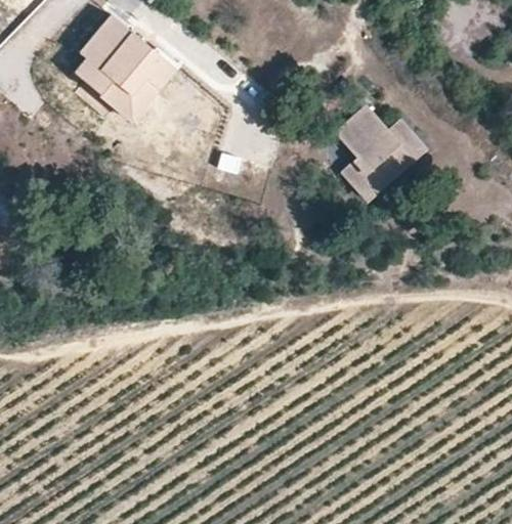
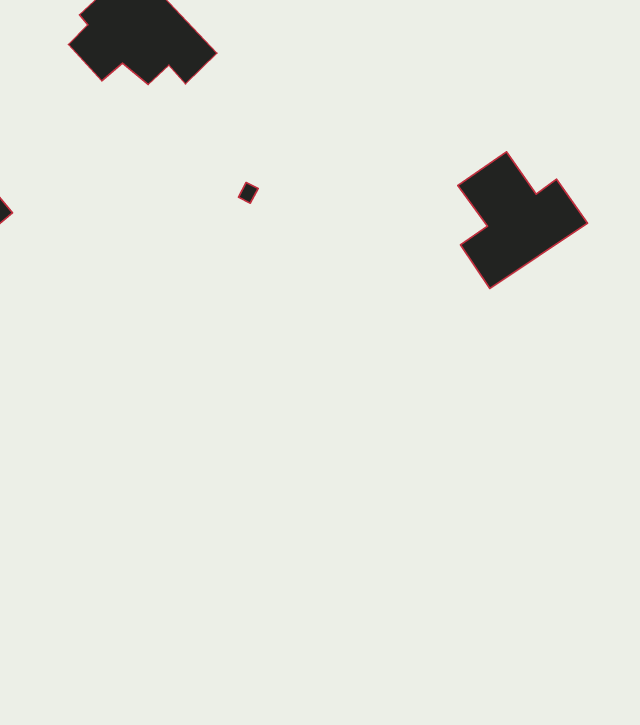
building: [97,77,153,118] -> none

